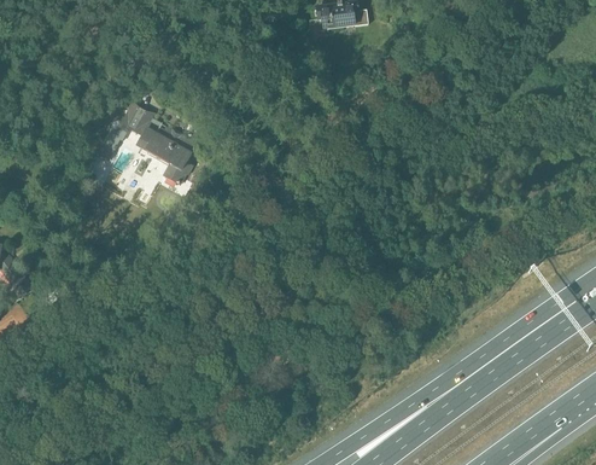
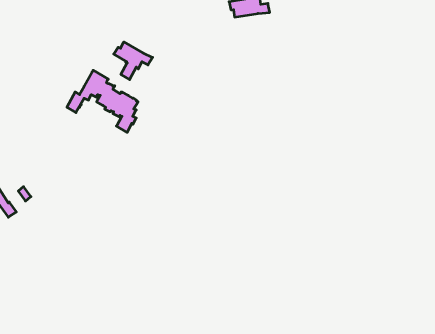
building: none -> [114,42,153,80]

